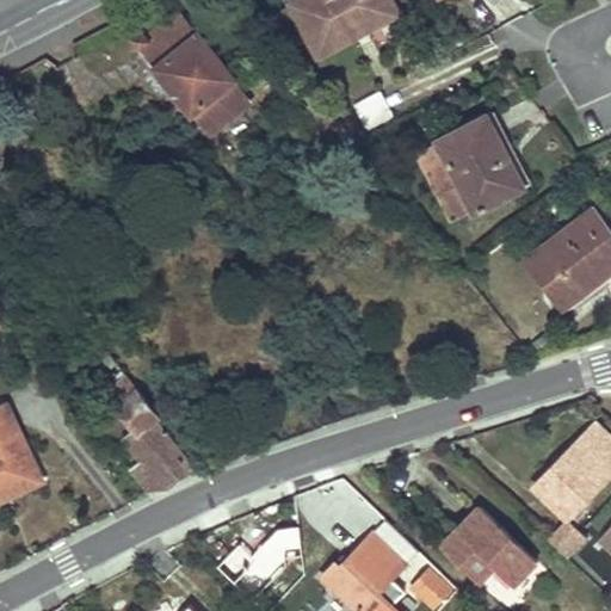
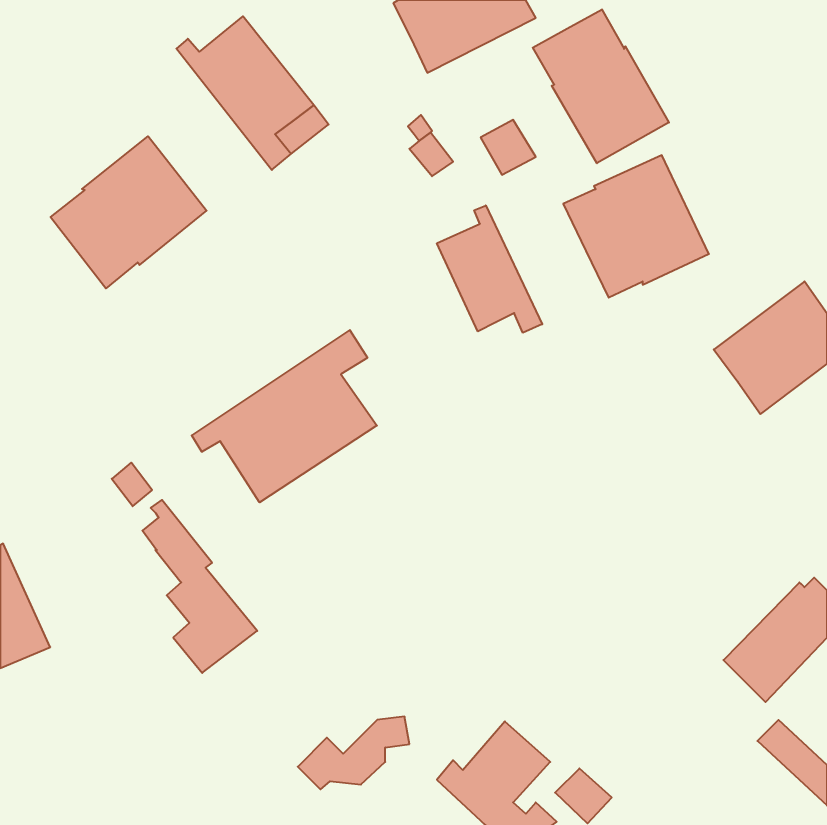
building: none -> [533,9,669,163]
building: none -> [51,136,207,288]
building: none -> [437,205,542,333]
building: none -> [192,330,377,502]
building: [438,505,537,586] -> none

